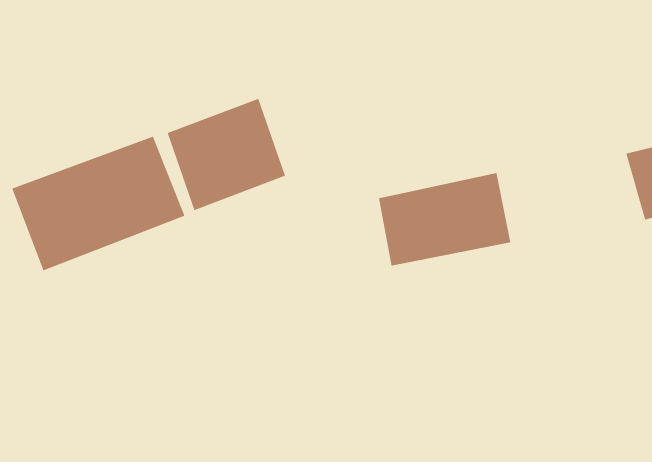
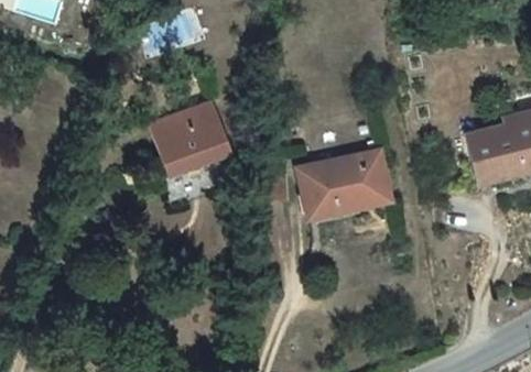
building: [12,136,185,271] -> none

